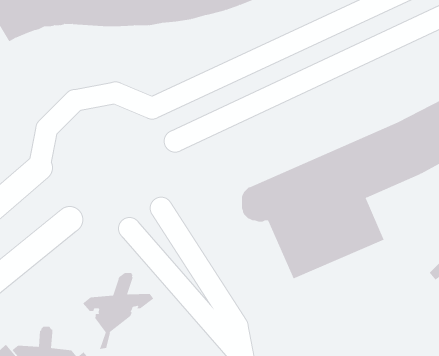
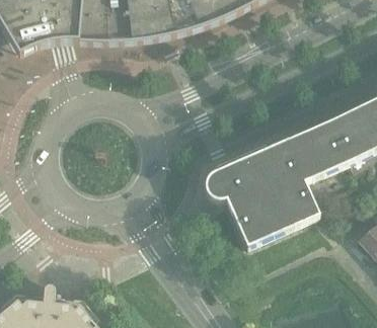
building: [82,272,154,350] -> none

